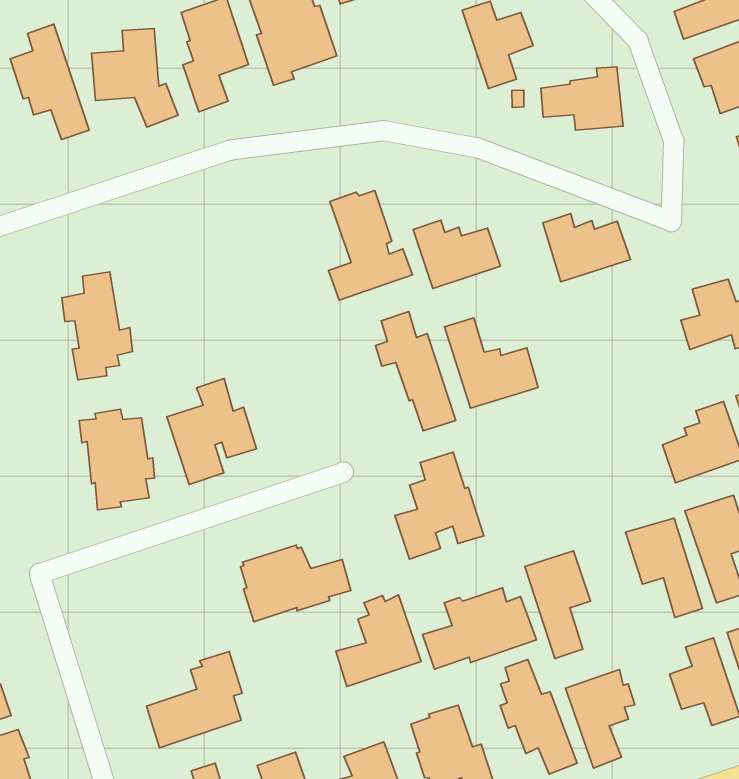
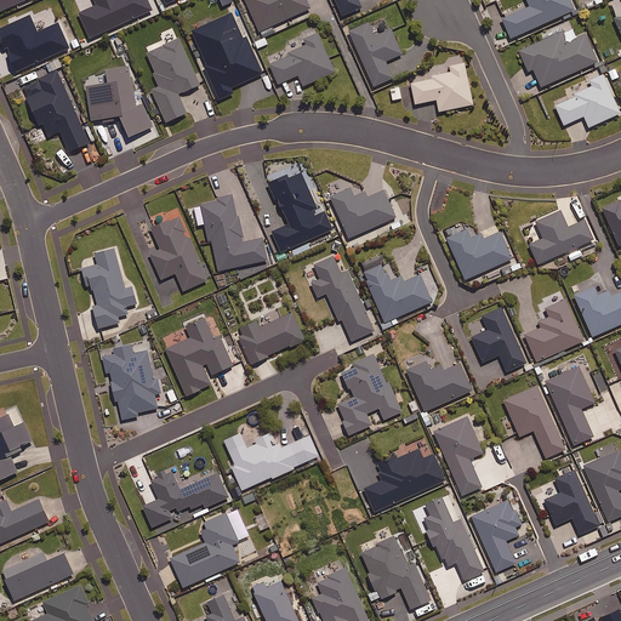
building: none -> [270,35,336,89]
building: none -> [193,193,267,270]
building: [543,214,630,282] -> [446,228,512,278]
building: none -> [149,215,206,289]
building: none -> [238,310,306,364]
building: none -> [472,306,525,370]
building: none -> [406,359,472,410]
building: none -> [143,467,228,525]
building: [336,595,421,687] -> none

